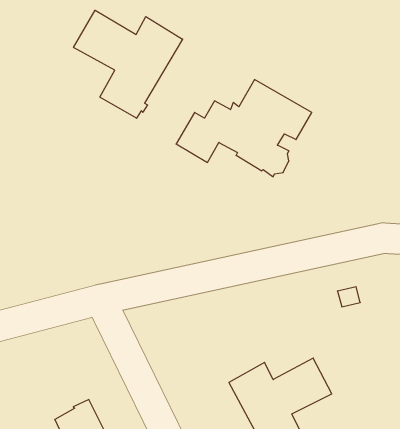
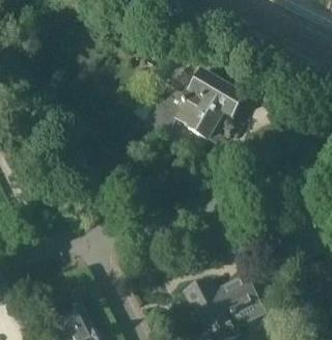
building: [74,10,183,118] -> none

